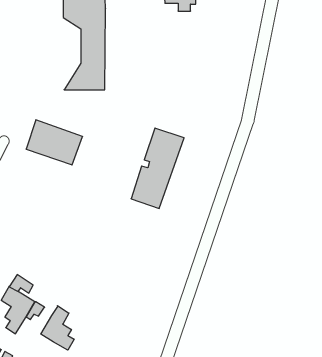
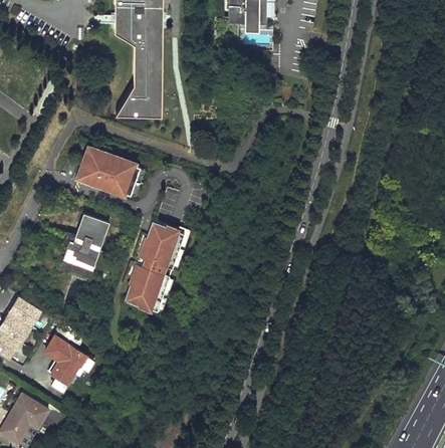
building: [131,128,184,208] -> [125,220,185,311]
building: none -> [65,213,114,273]
building: [41,306,74,350] -> none

